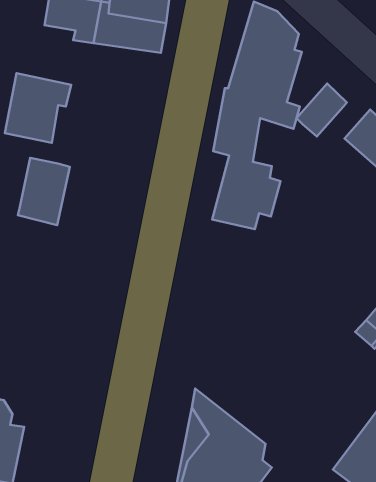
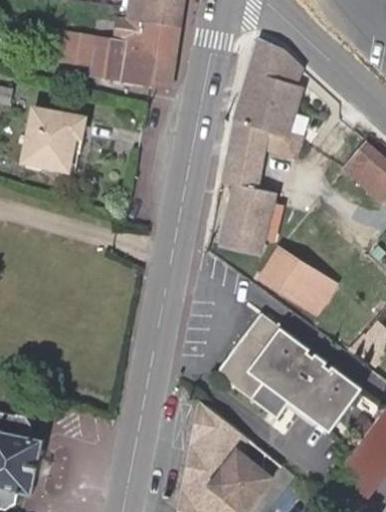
building: [296,84,347,137] -> none
building: [18,158,70,225] -> none
building: none -> [260,247,336,313]
building: none -> [219,315,363,432]

